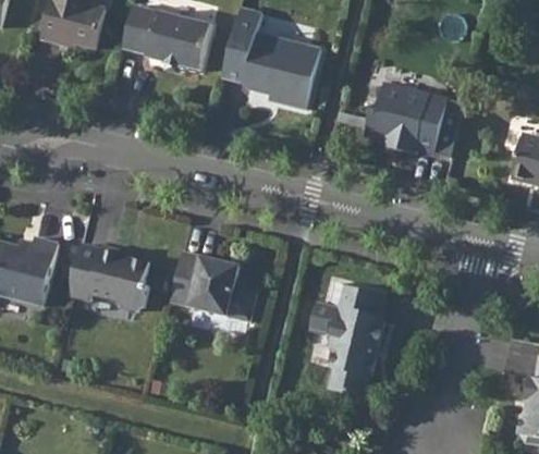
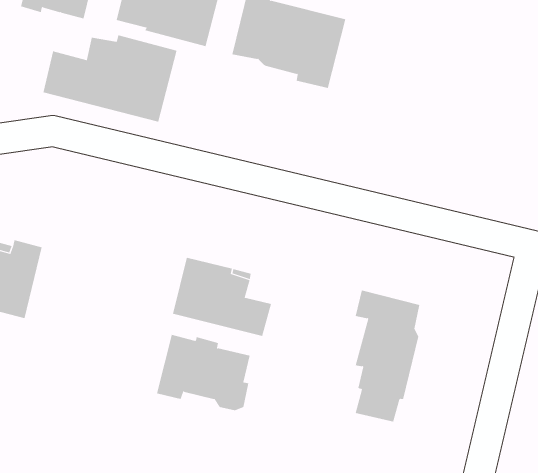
building: none -> [43,35,177,122]
building: [365,82,448,151] -> none
building: [68,243,149,309] -> [156,334,250,411]

